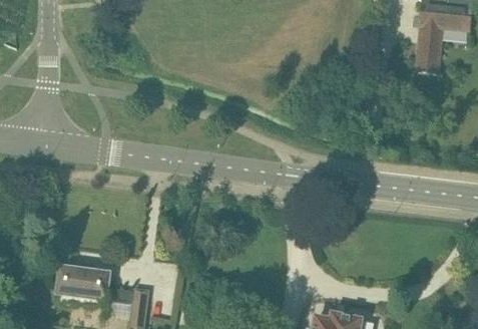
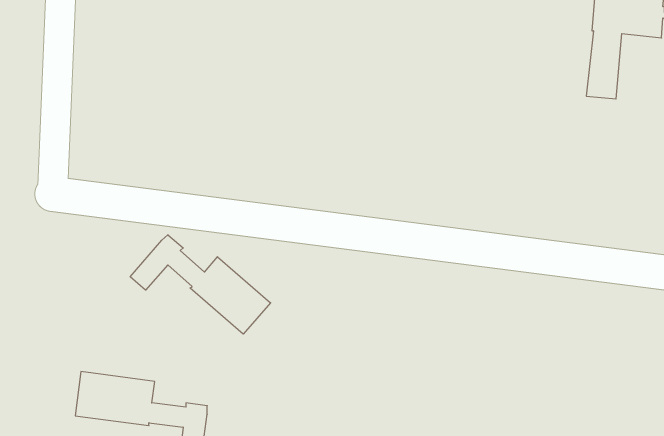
building: none -> [130,235,271,334]

